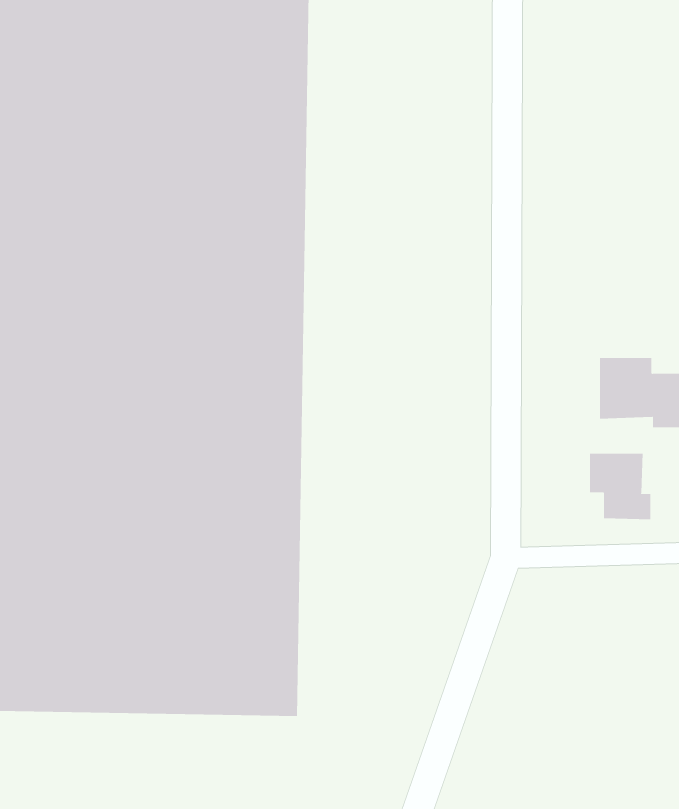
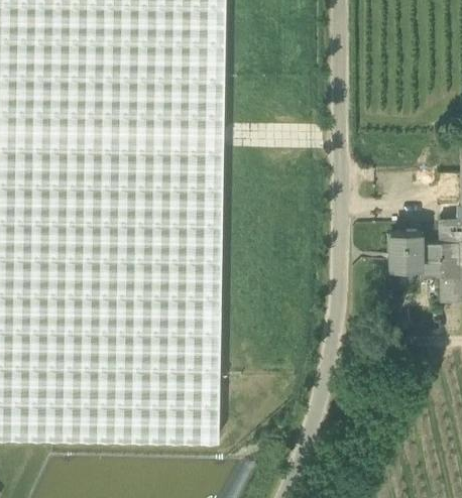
building: [590,453,651,520] -> none

